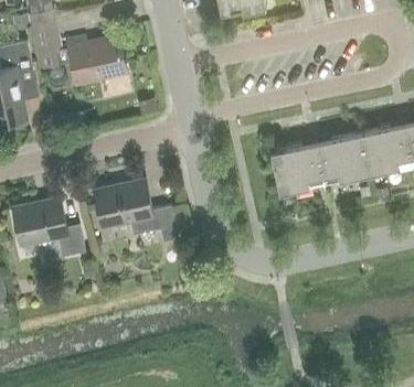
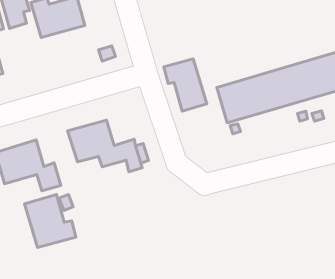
building: none -> [164,59,207,111]
building: none -> [25,194,76,248]

